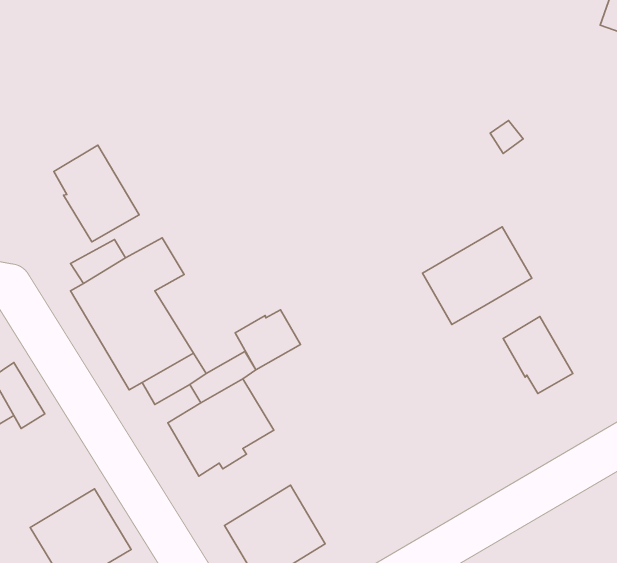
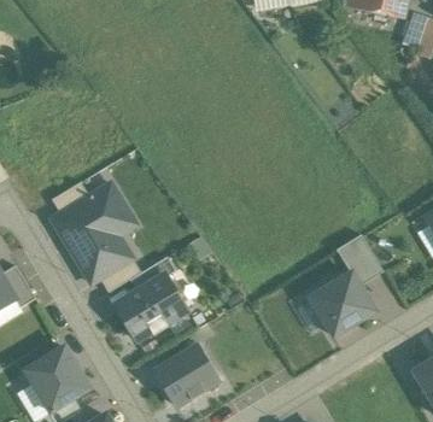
building: [54,145,139,242] -> none
building: [422,227,532,325] -> none
building: [235,310,300,370] -> none
building: none -> [311,272,375,335]

